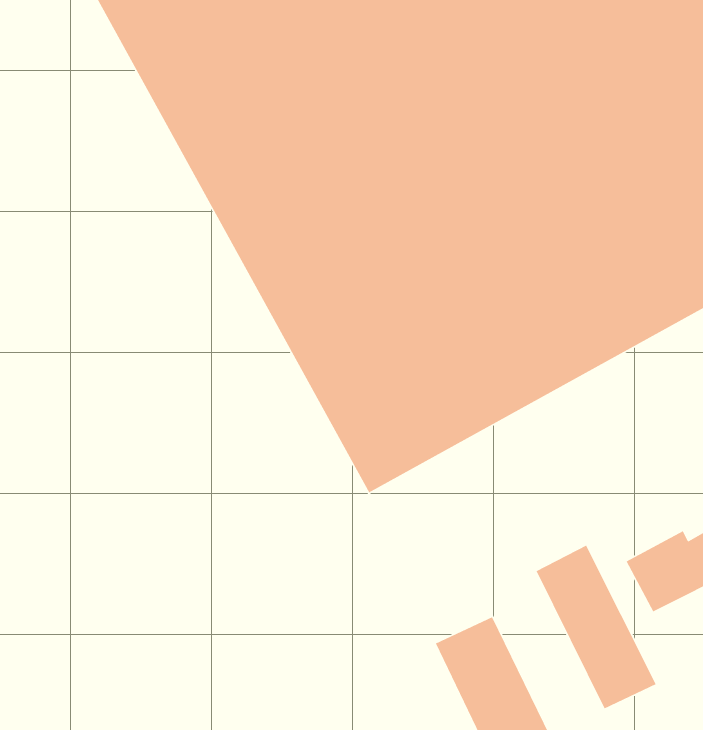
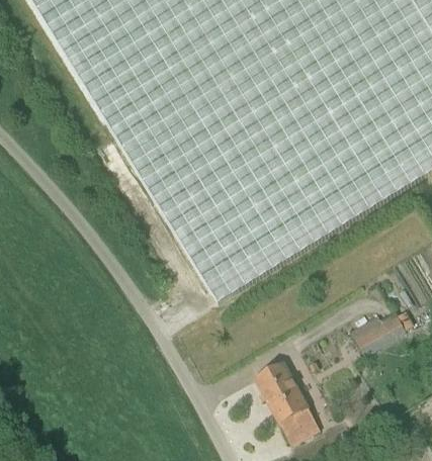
building: [535,545,657,709] -> none

